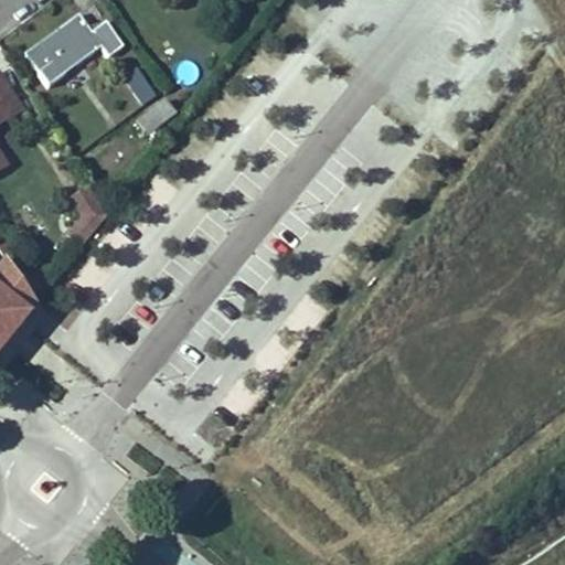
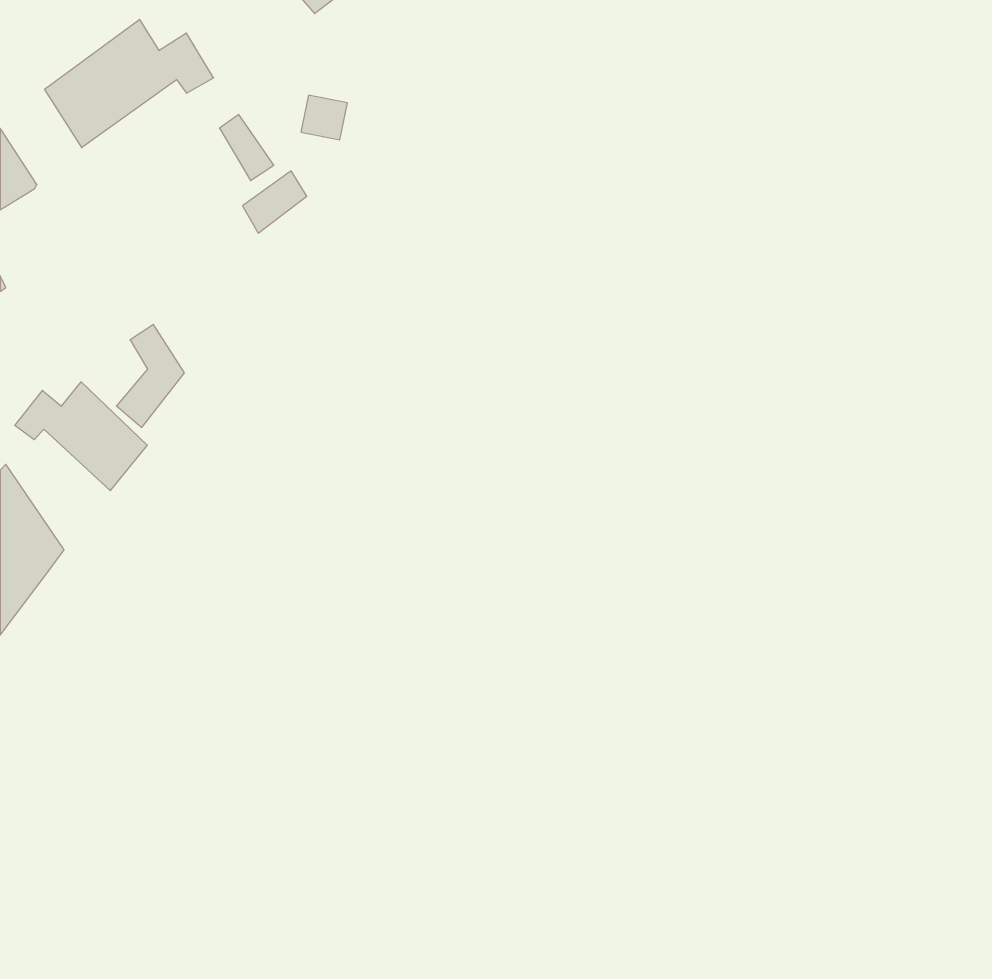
building: none -> [15,382,147,491]

